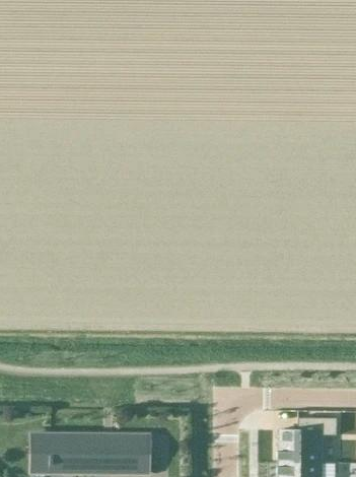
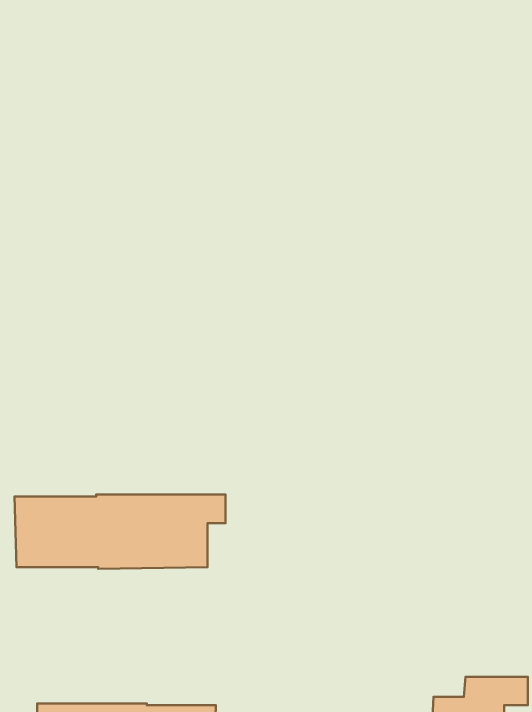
building: none -> [14,494,225,569]

